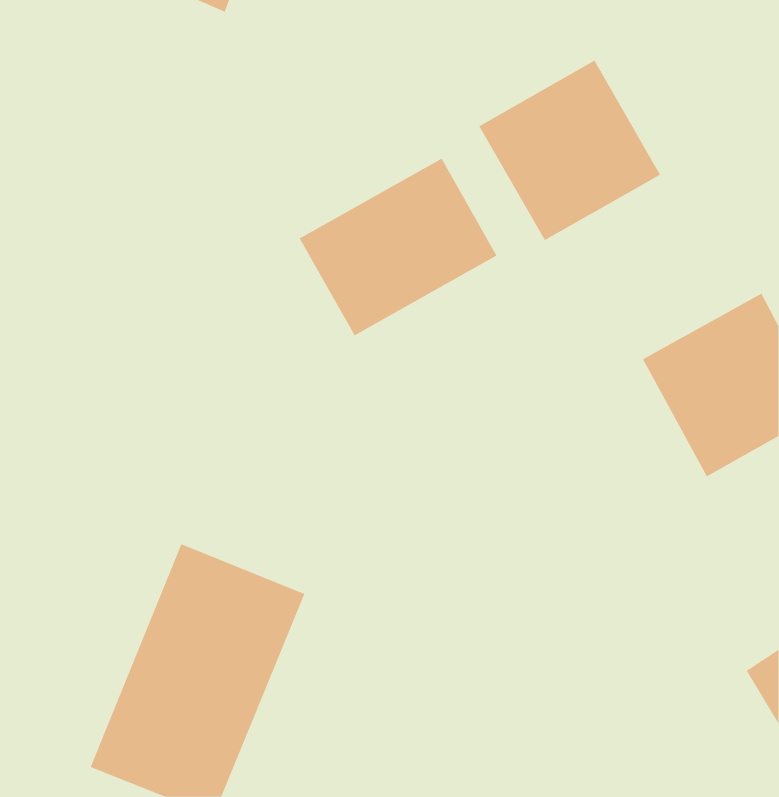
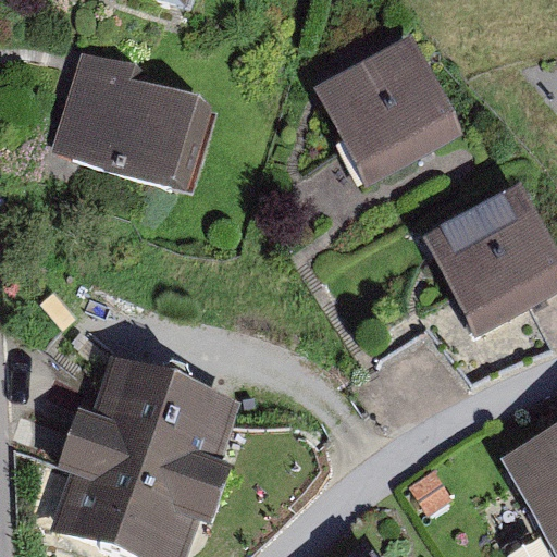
building: none -> [64,62,206,174]
building: [299,158,497,336] -> none

